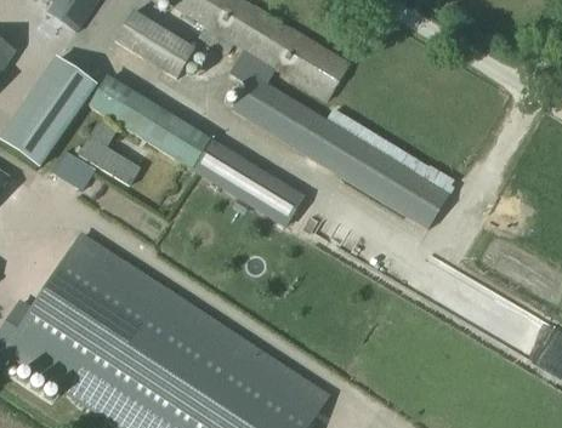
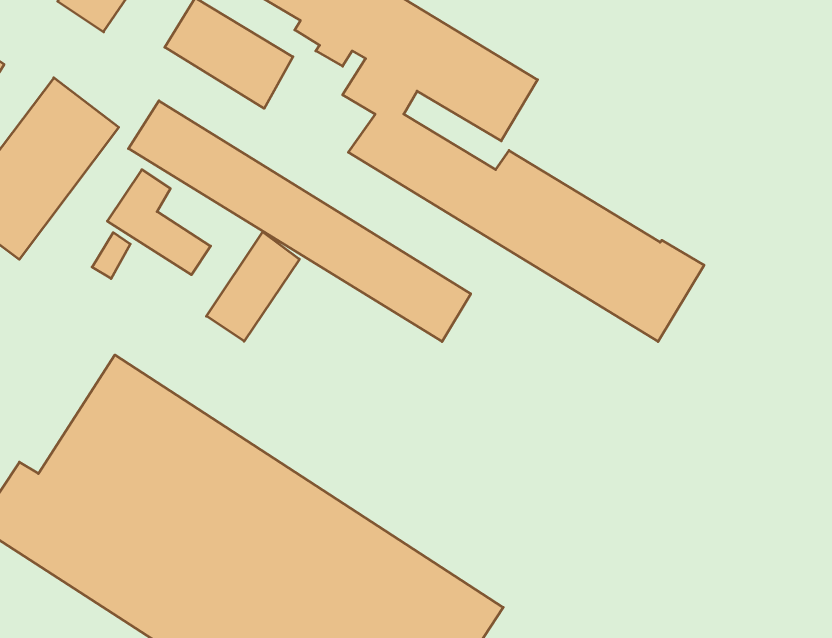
building: none -> [206,232,299,341]

